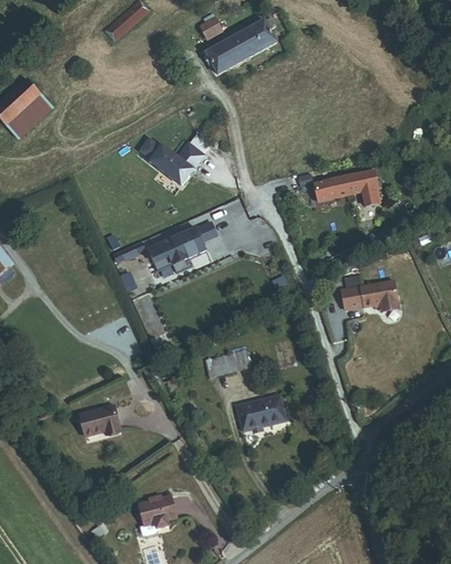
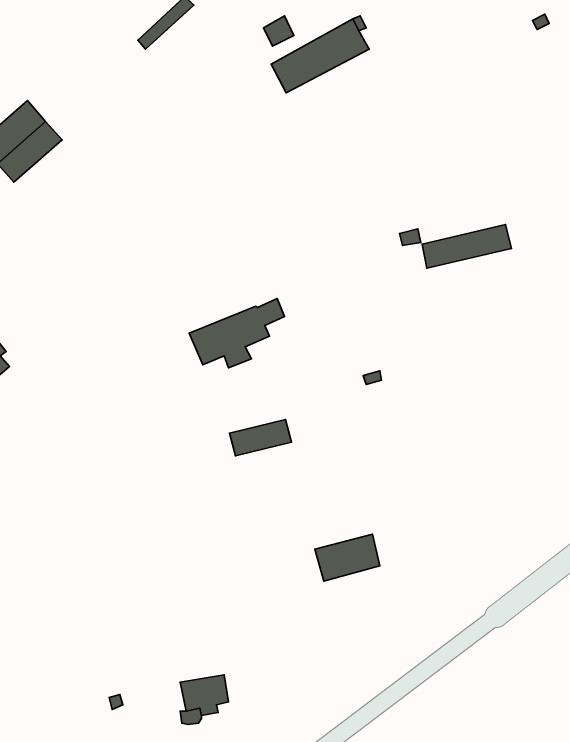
building: [140,139,205,187] -> none
building: [341,279,399,309] -> none
building: [204,350,249,376] -> [230,420,292,456]
building: [78,406,120,436] -> none

